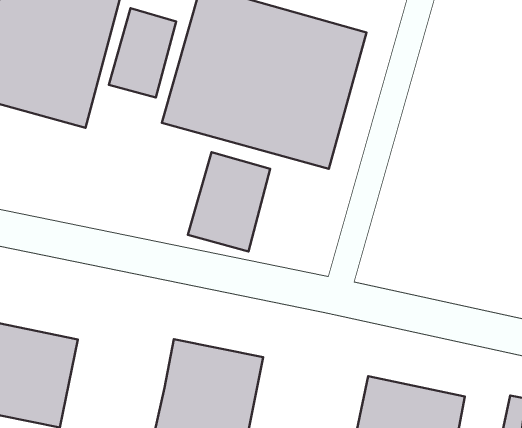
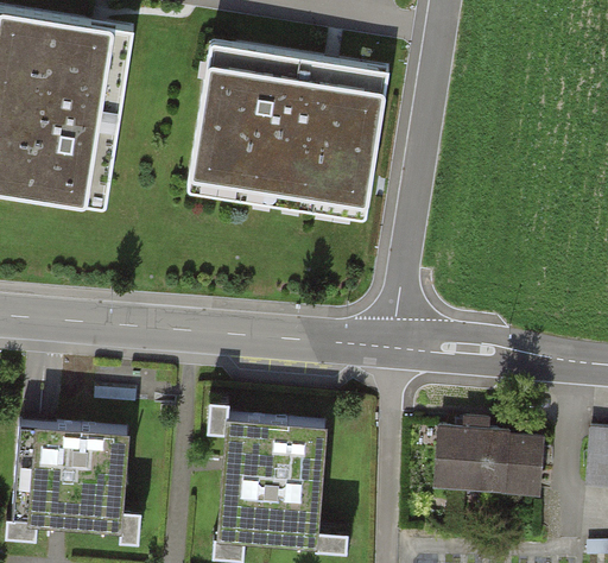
building: [109,8,176,98] -> none
building: [188,152,270,251] -> none

